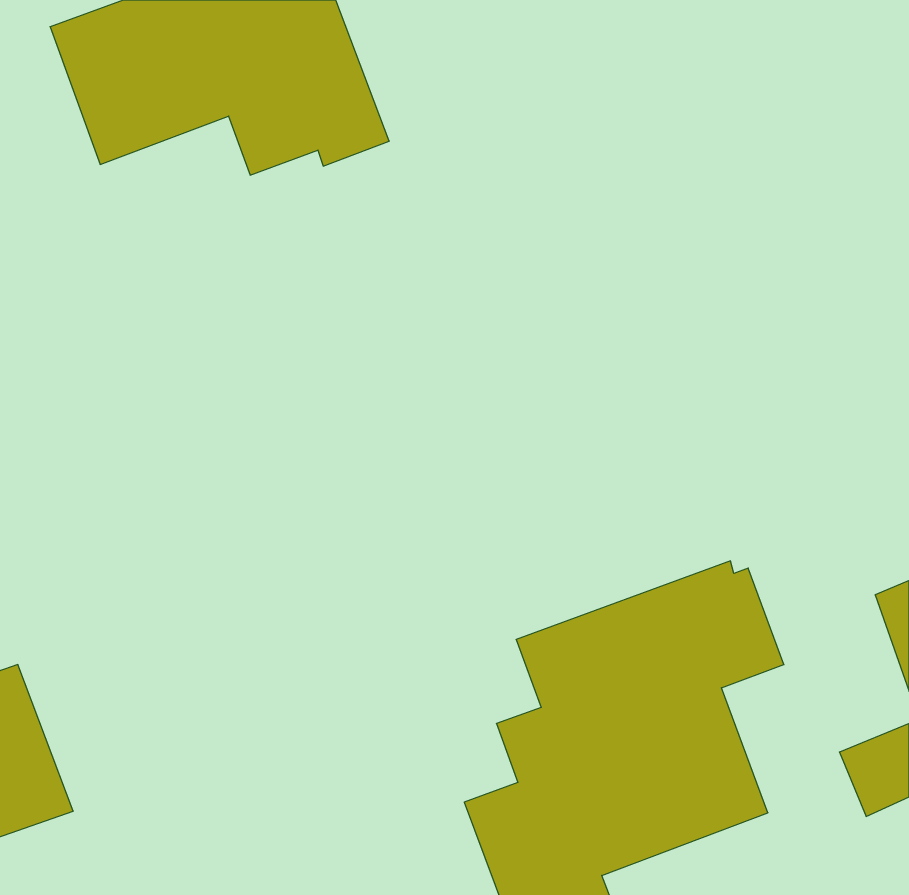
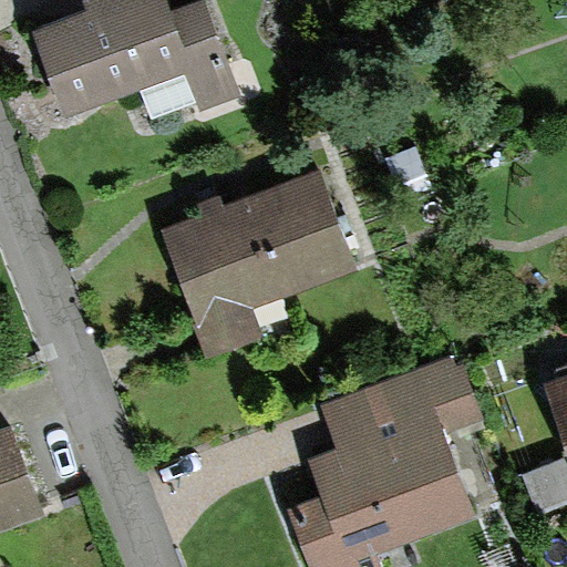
building: none -> [158,169,357,361]

